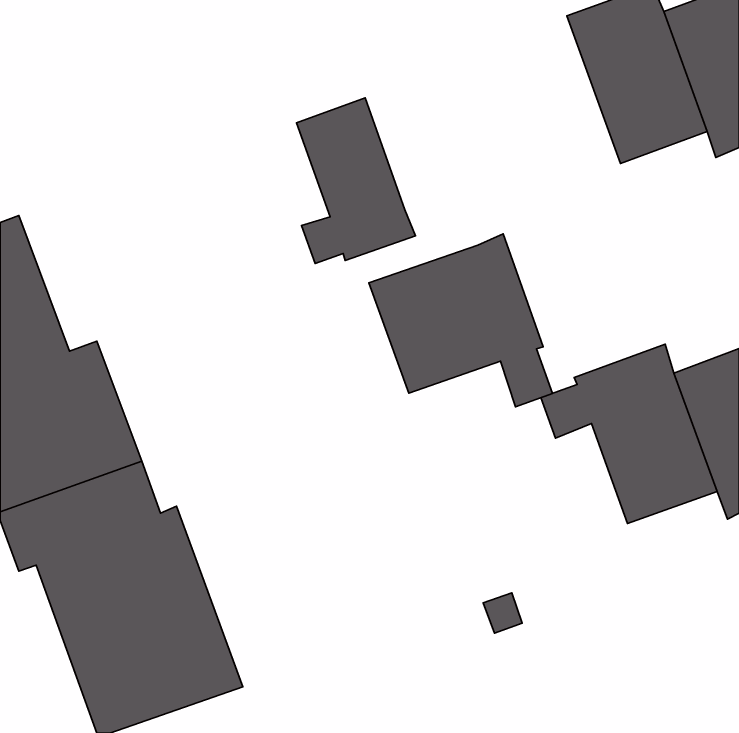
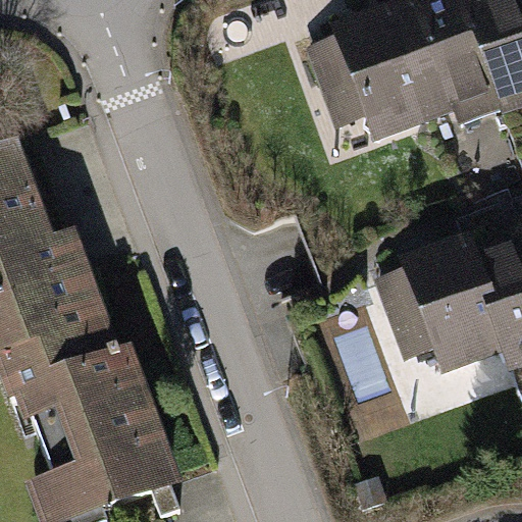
building: none -> [312,11,437,139]
building: [297,98,416,264] -> none
building: [369,234,552,407] -> none

